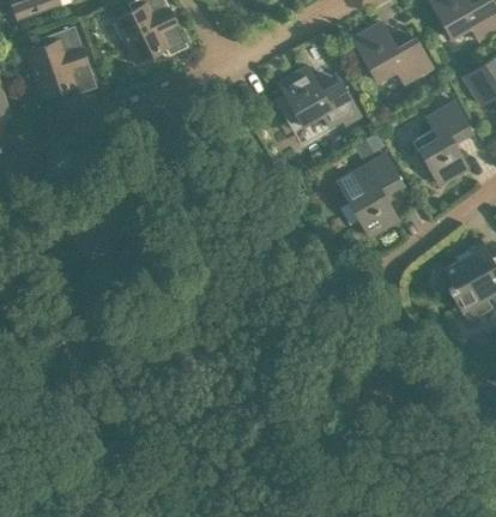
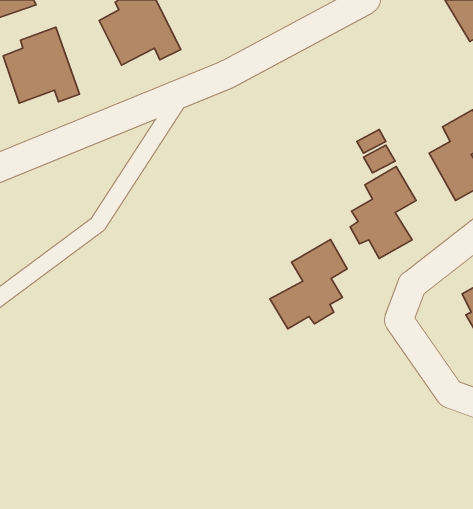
building: [352,22,433,83] -> none
building: [277,65,361,130] -> none
building: none -> [270,239,347,329]

